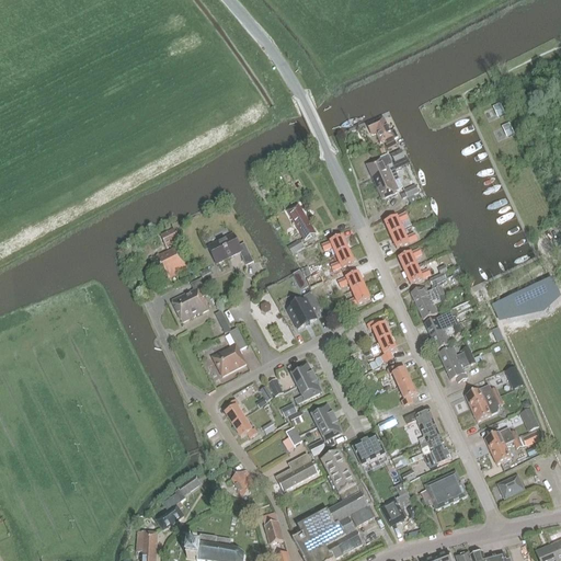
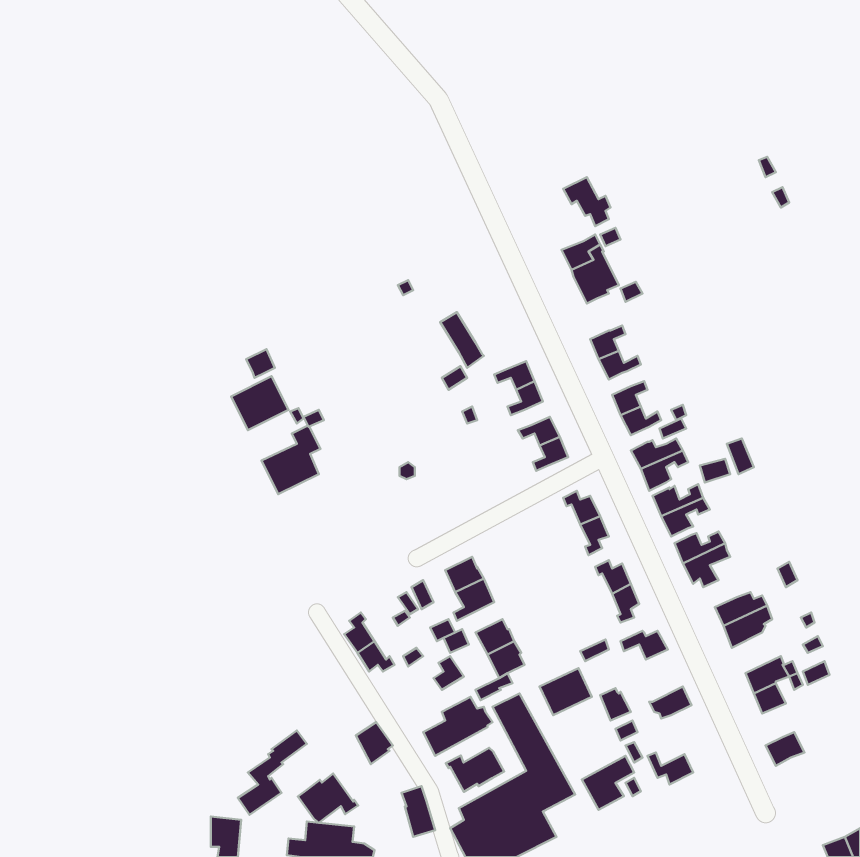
building: [208,231,253,263] -> none
building: [494,282,554,318] -> none
building: [287,290,320,327] -> none
building: [211,327,245,375] -> none
building: [417,422,444,456] -> none
building: [424,470,467,502] -> none
building: none -> [446,748,504,792]
building: none -> [298,774,358,823]

